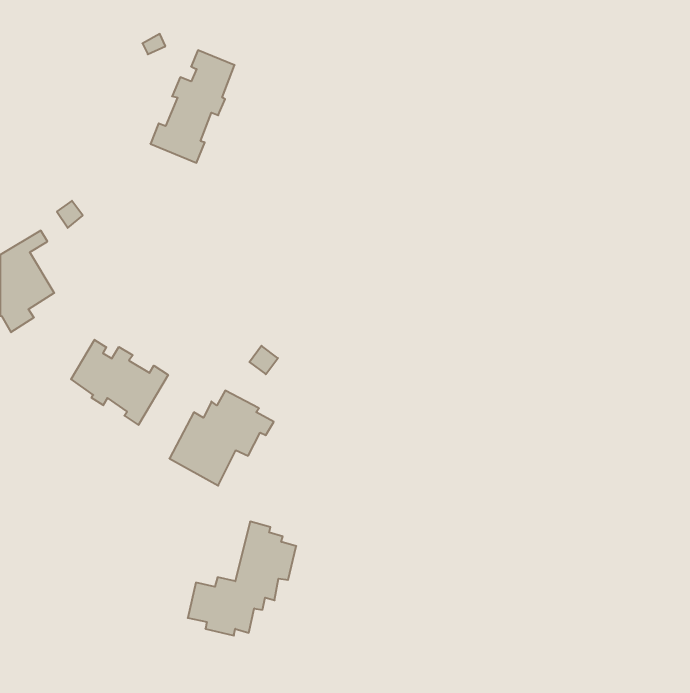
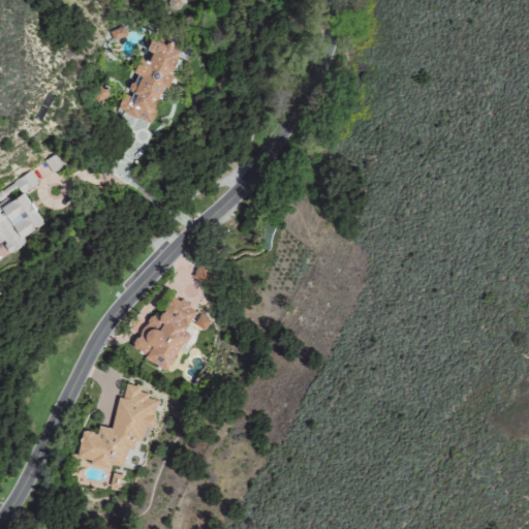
building: [71,340,168,425] -> none
building: [188,522,296,636] -> [76,383,159,470]

